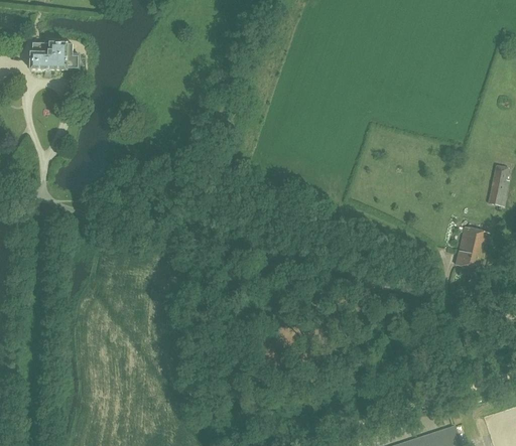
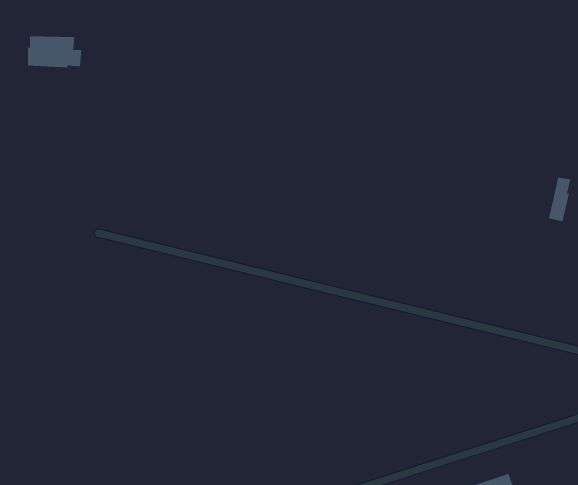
building: [456,227,489,269] -> none

